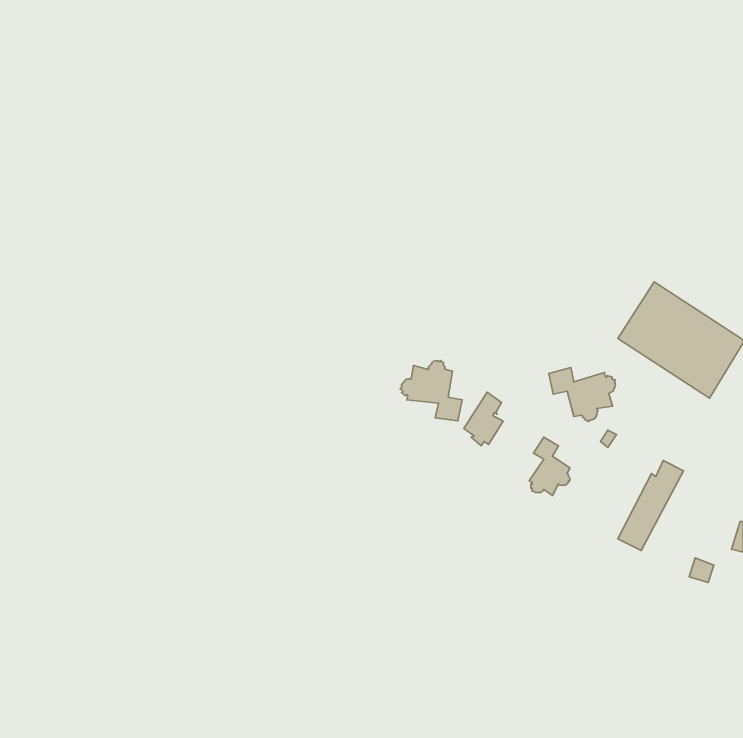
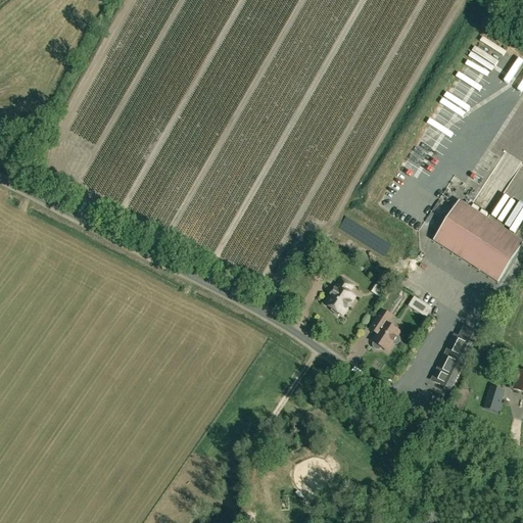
building: [400,361,462,421] -> none
building: [549,367,616,421] -> none

